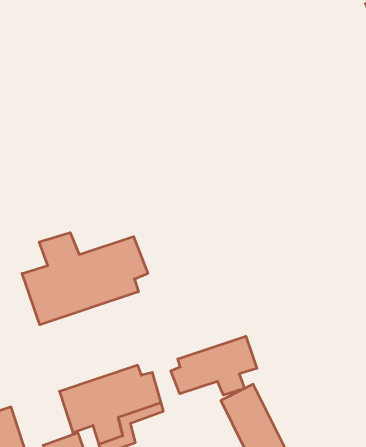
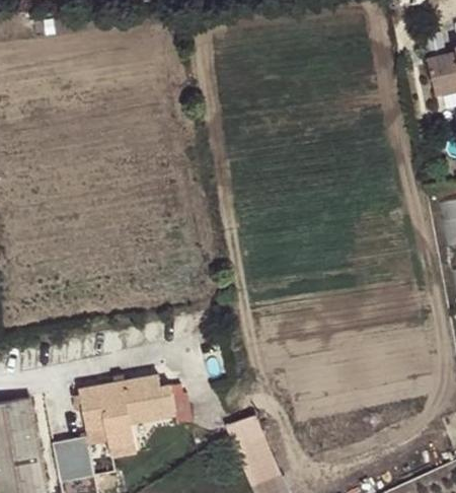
building: [22,233,148,325] -> none
building: [171,336,257,395] -> none

